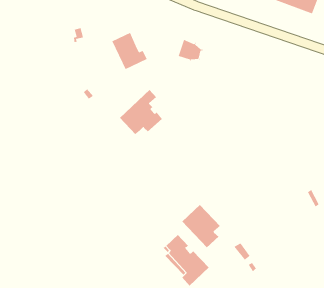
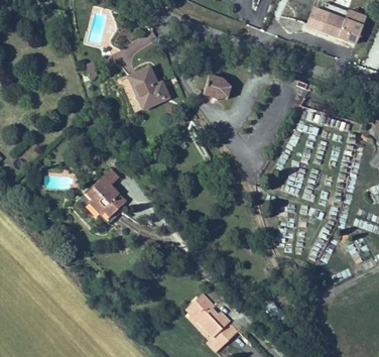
building: [119,89,163,135] -> [77,167,126,219]
building: [182,204,221,248] -> none

